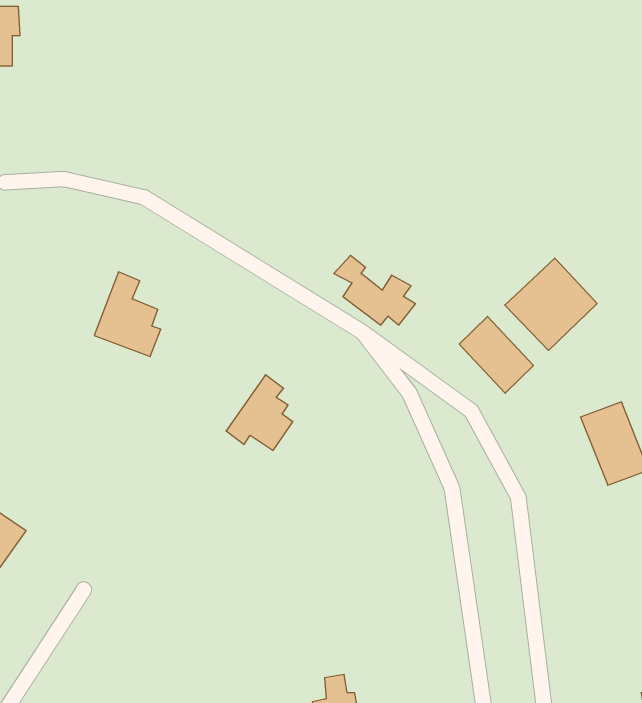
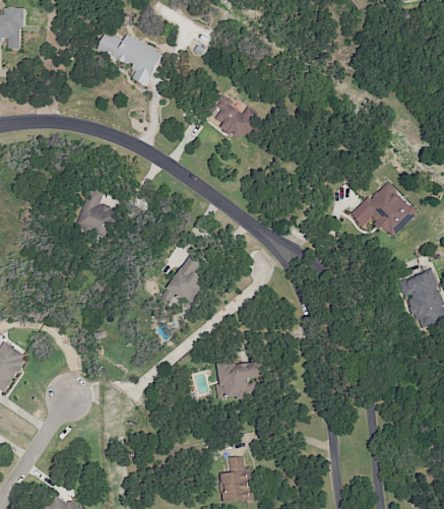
building: none -> [97,31,165,86]
building: [334,255,416,325] -> [210,91,265,138]
building: [459,316,533,393] -> none
building: none -> [214,361,267,401]

